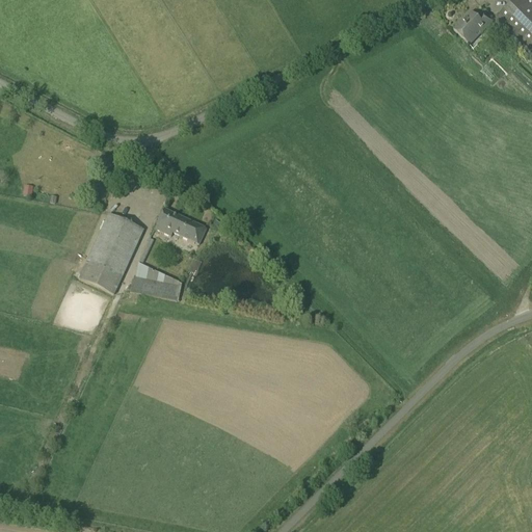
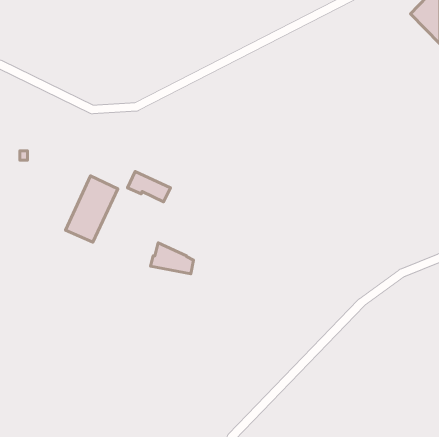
building: [454,8,494,43] -> none
building: [130,262,182,299] -> [150,243,193,274]

